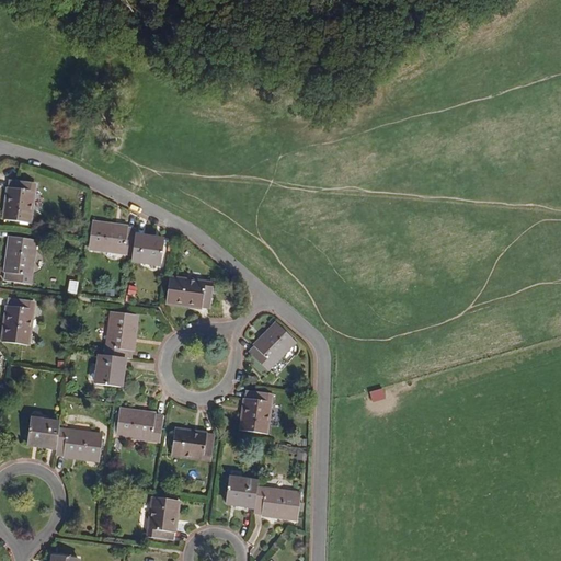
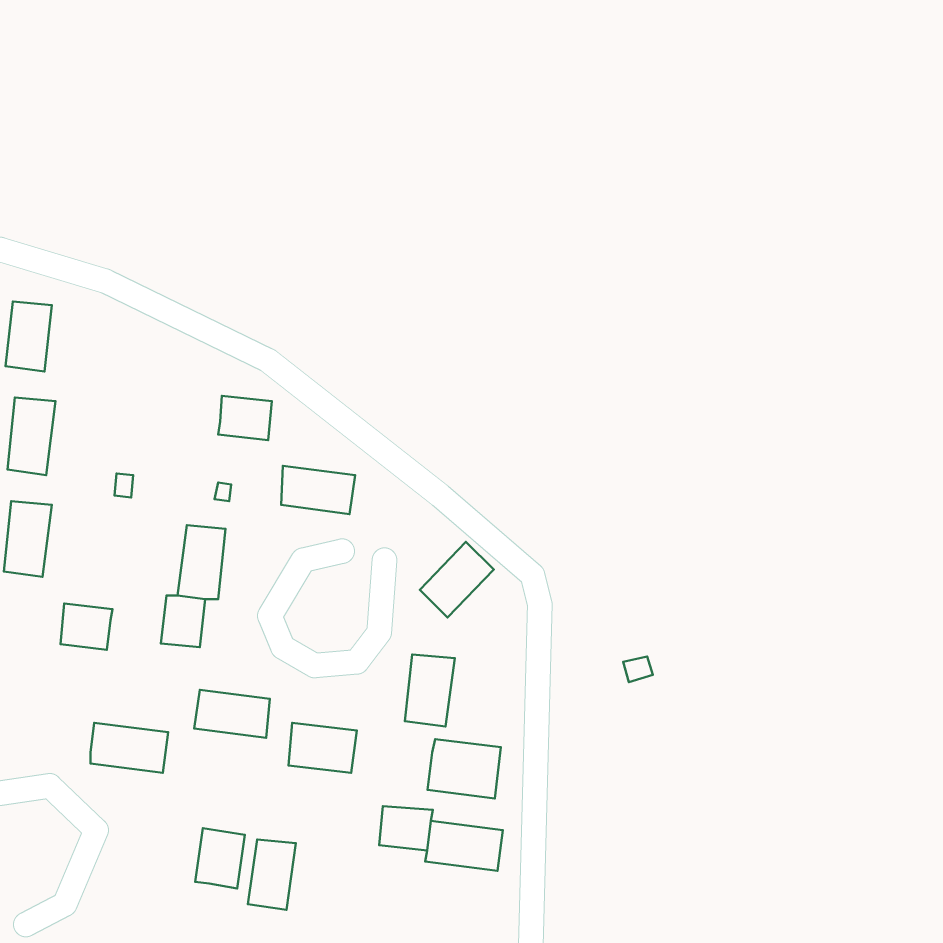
building: [89,224,134,251] -> none
building: [27,420,58,447] -> [61,603,112,650]
building: none -> [427,739,501,798]
building: none -> [195,828,245,889]

